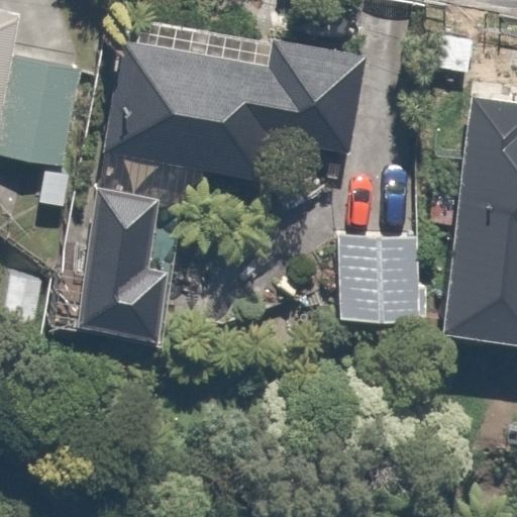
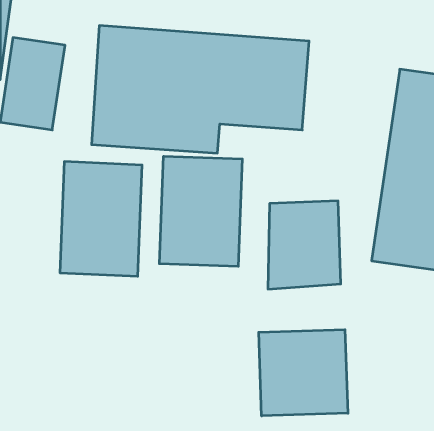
building: none -> [159,156,242,266]
building: none -> [259,330,348,416]

